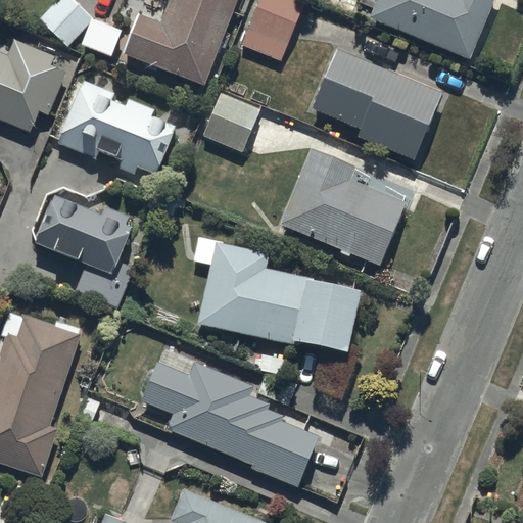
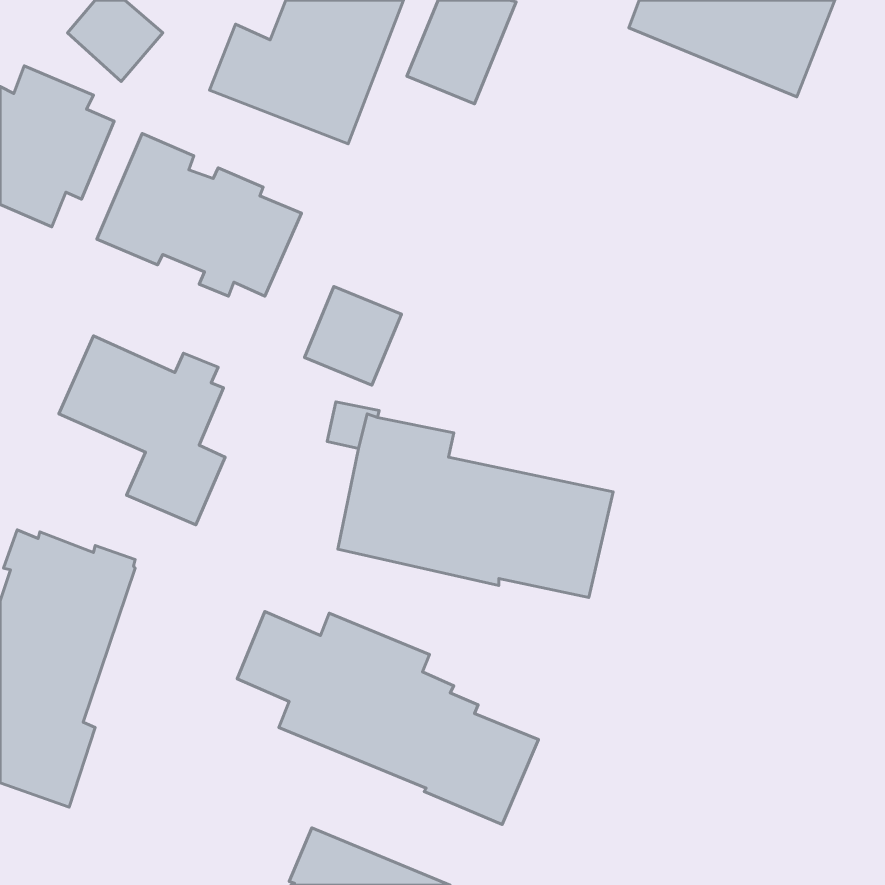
building: [314,49,444,158] -> none
building: [203,93,260,151] -> [304,286,401,385]
building: [280,150,406,266] -> none

